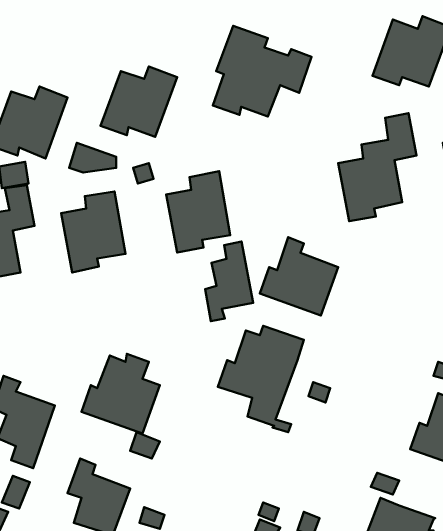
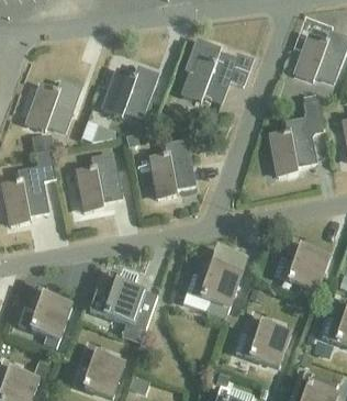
building: [260,237,338,315] -> [273,236,328,291]
building: [205,242,253,321] -> none
building: none -> [235,313,290,367]

